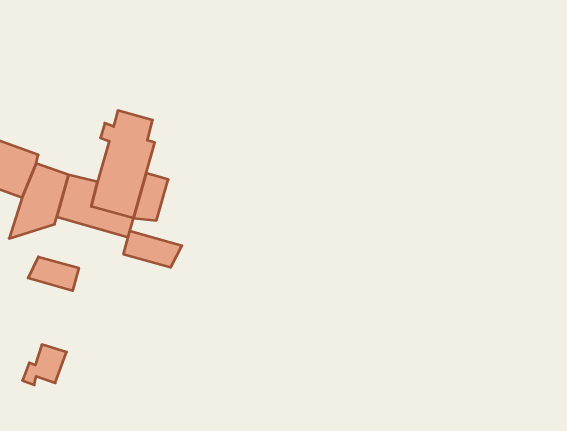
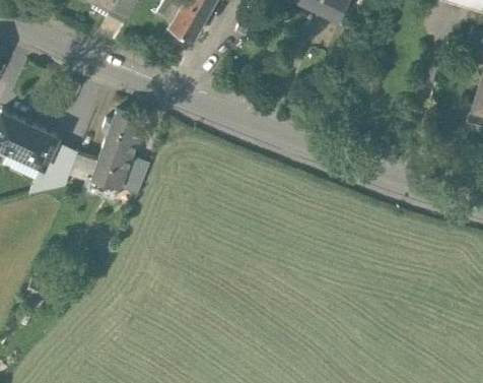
building: [124,231,182,267] -> none
building: [28,257,79,291] -> none

